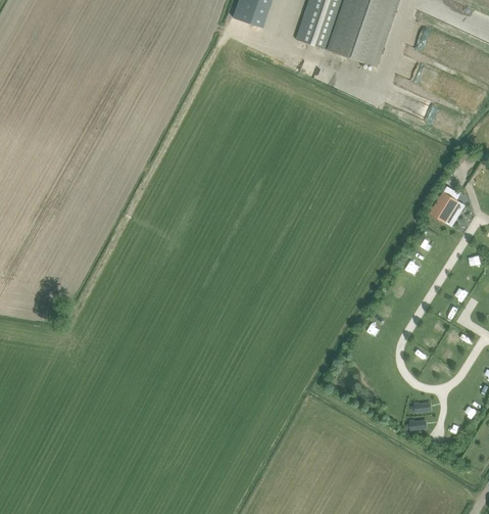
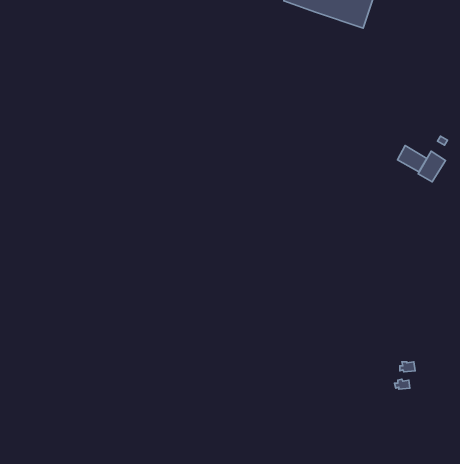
building: none -> [397,146,427,172]

